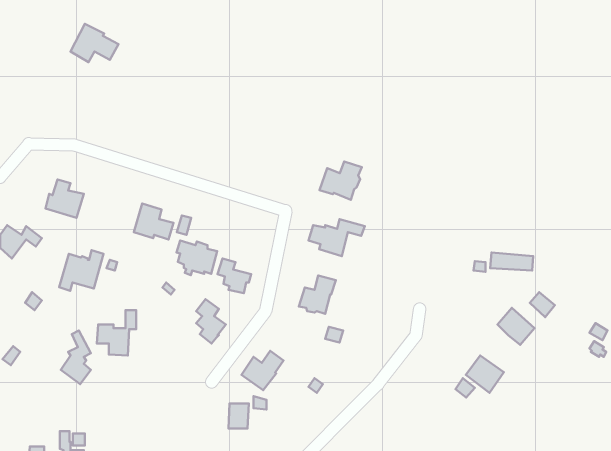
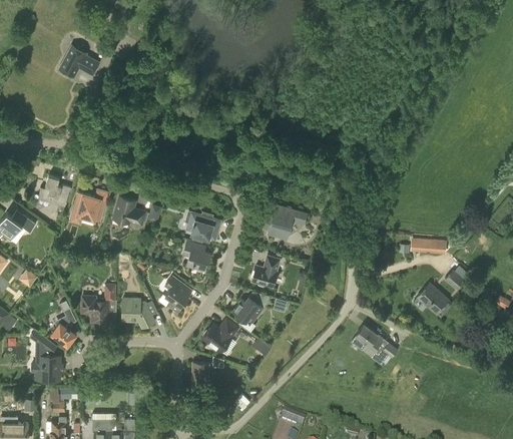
building: [319,162,362,200] -> none
building: [177,240,217,275] -> [185,211,219,241]
building: [59,250,104,291] -> [70,189,107,224]
building: none -> [232,297,267,332]
building: none -> [121,298,157,328]
building: [466,356,504,393] -> [351,325,383,356]
building: none -> [31,330,61,381]

